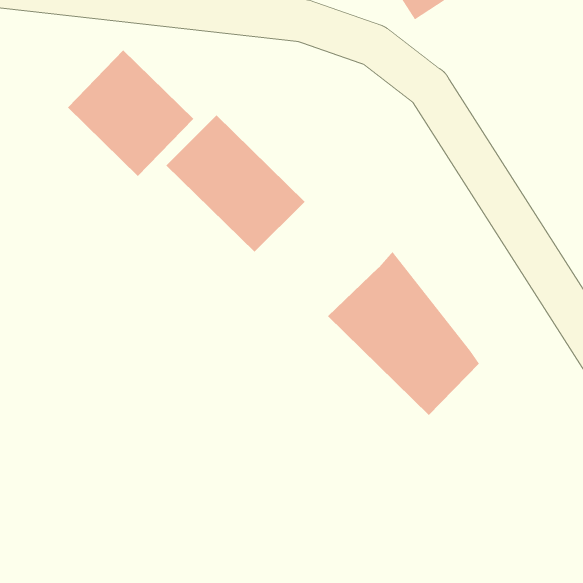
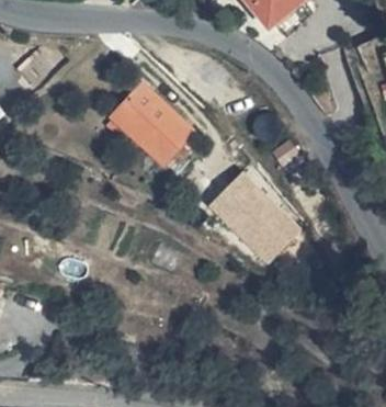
building: [67,49,194,177] -> none

